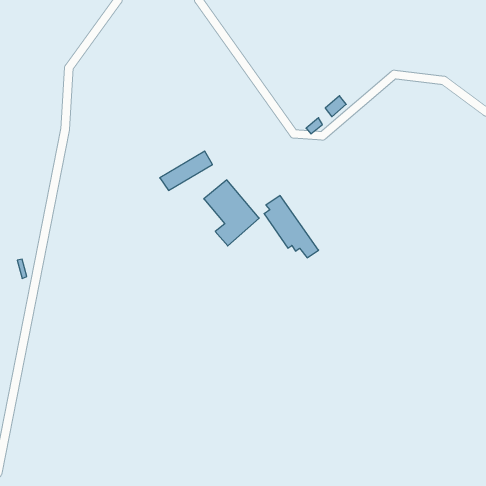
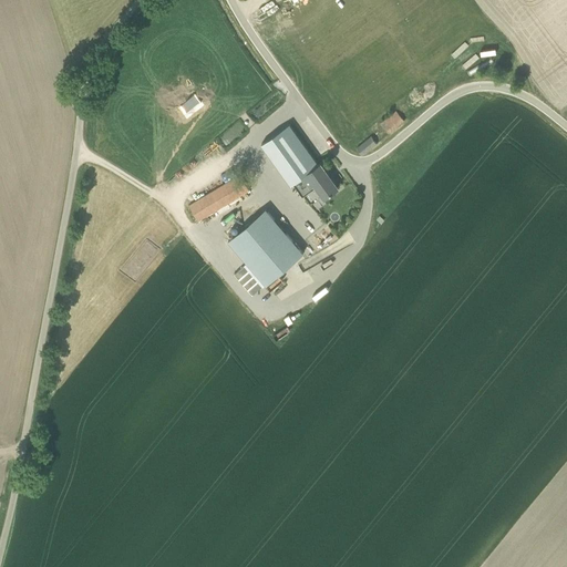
building: [264,196,319,258] -> [271,128,334,200]

